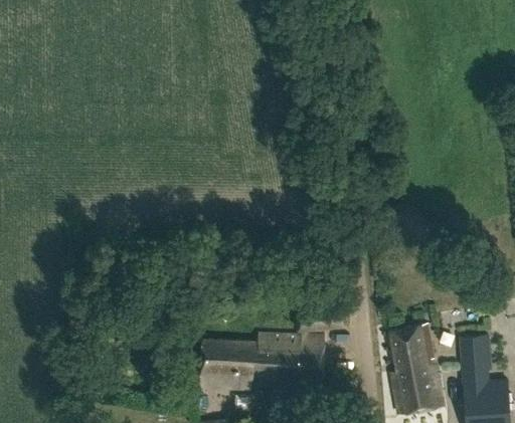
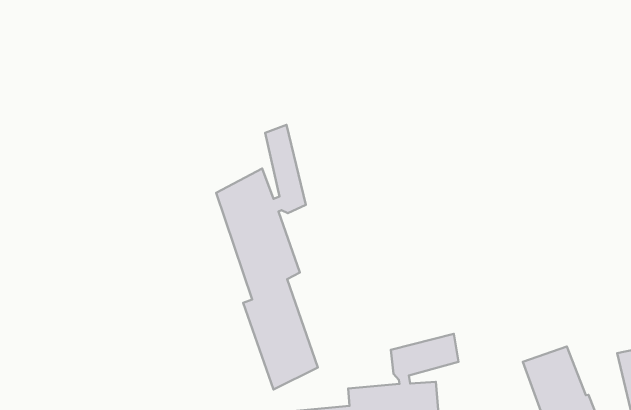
building: none -> [216,125,318,390]

